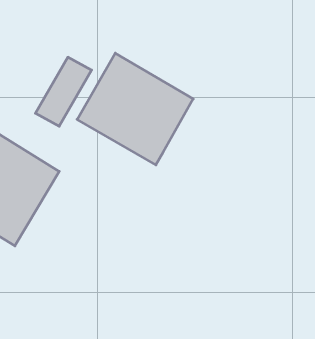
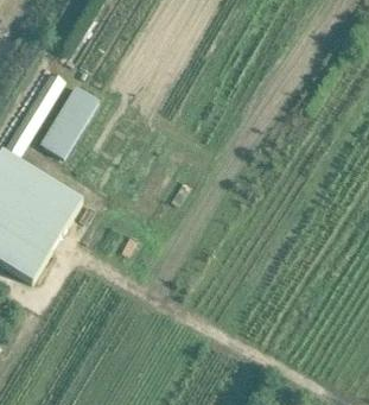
building: [77,53,193,165] -> none

